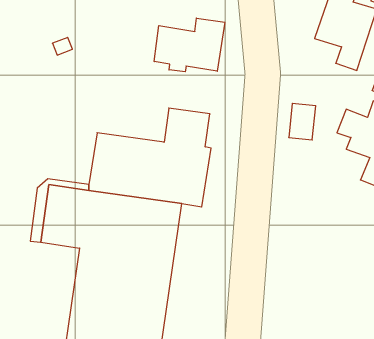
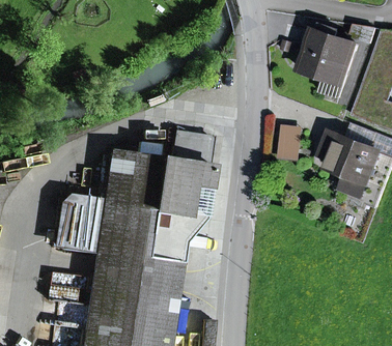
building: [154,18,225,72] -> none

